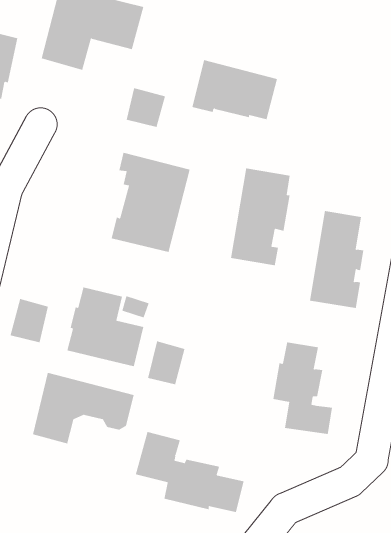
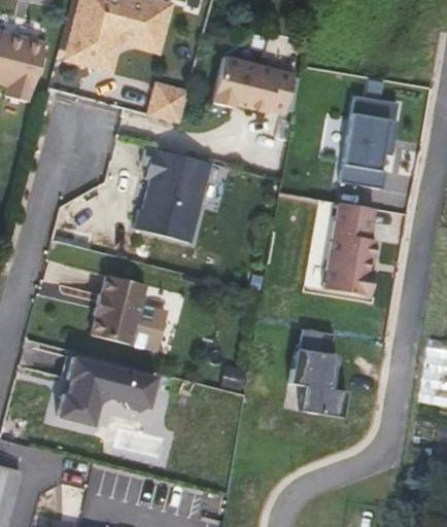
building: [230,168,291,266] -> [341,95,399,188]
building: [10,298,49,343] -> none
building: [148,340,185,385] -> none
building: [135,431,244,513] -> none

